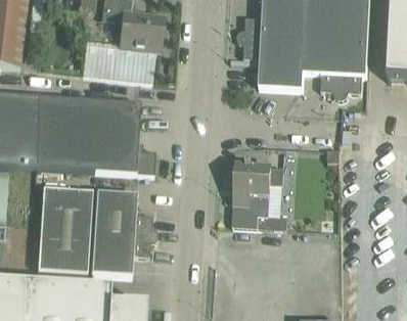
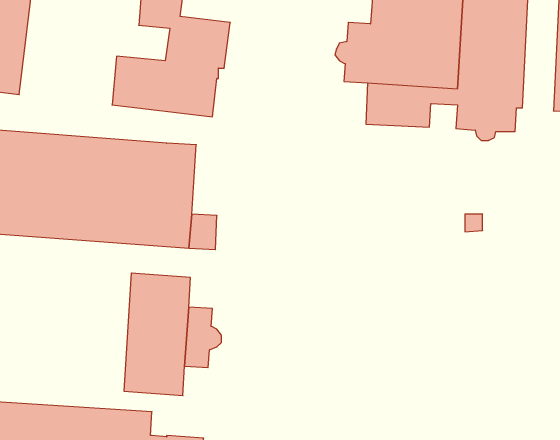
building: [233,163,287,229] -> none
building: [38,187,92,272] -> none

